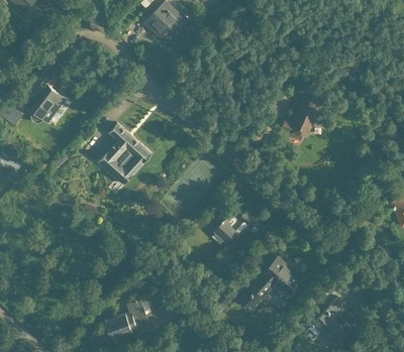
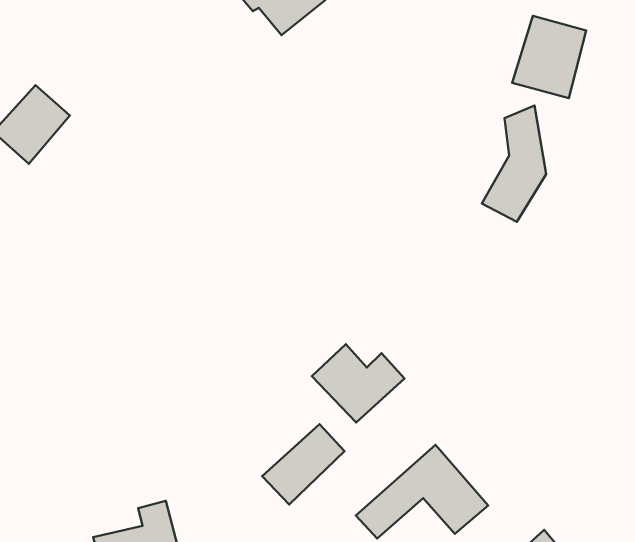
building: none -> [512,16,586,98]
building: [94,121,149,184] -> none
building: none -> [262,424,344,504]

